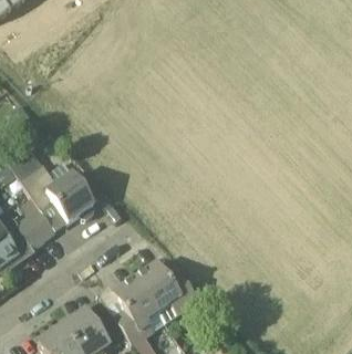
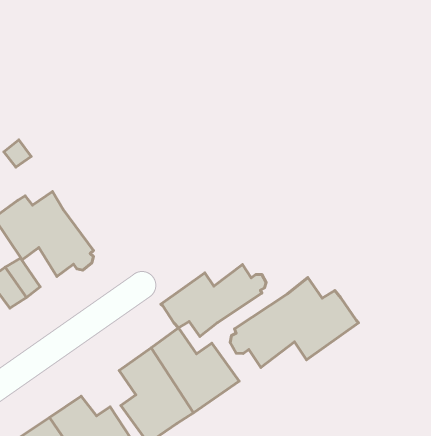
building: none -> [161,265,266,337]
building: none -> [230,278,359,367]

